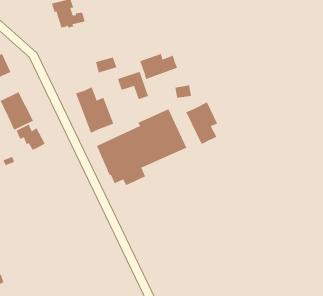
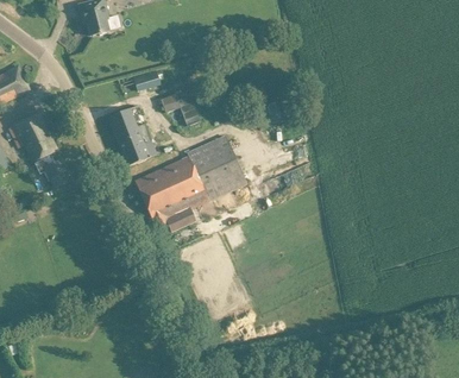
building: [139,53,178,80] -> none
building: [185,102,218,145] -> none

